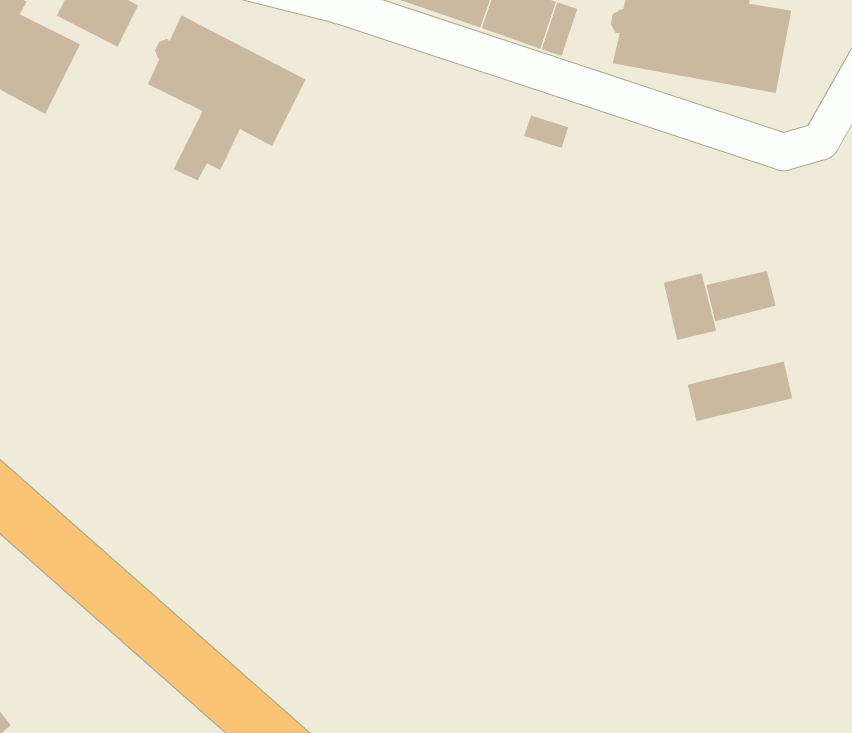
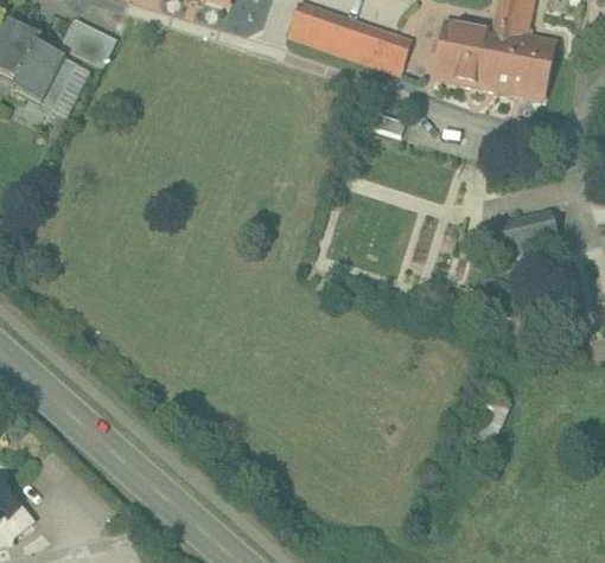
building: [147,15,306,181] -> none
building: [663,272,717,341] -> none
building: [687,361,793,422] -> none

